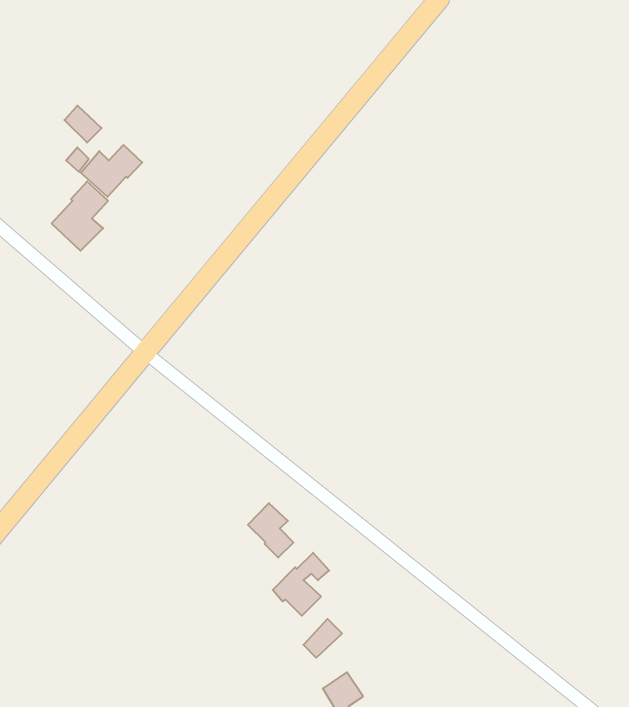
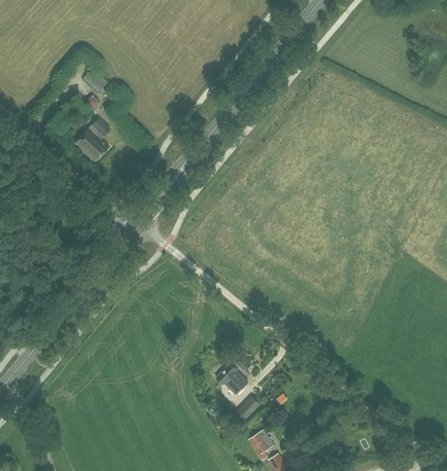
building: [81,145,142,197] -> none
building: [248,503,293,558] -> none

